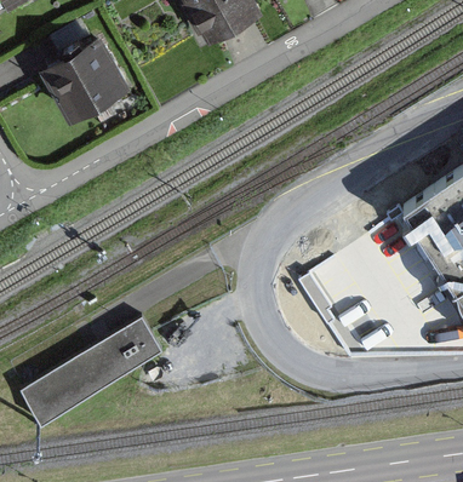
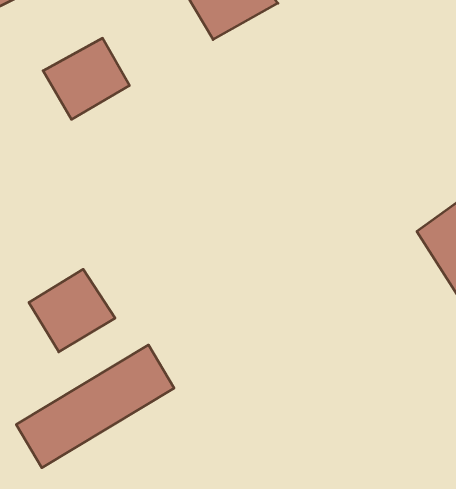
building: none -> [29,269,115,352]

